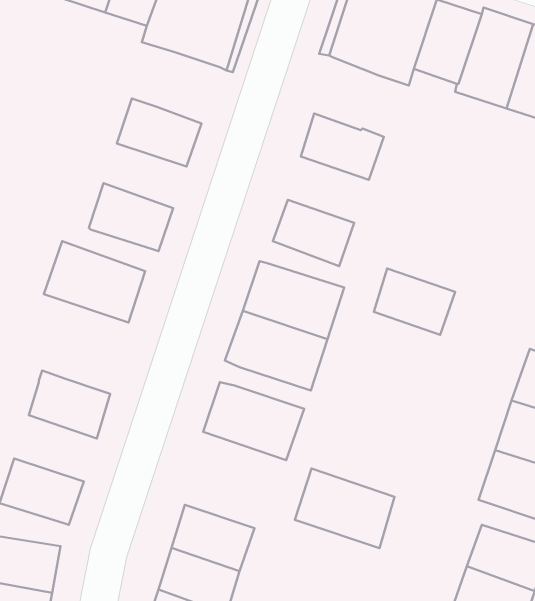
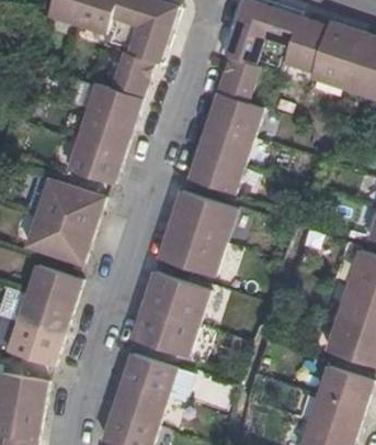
building: none -> [112,54,153,101]
building: none -> [216,57,259,105]
building: none -> [77,114,132,157]
building: [374,269,455,335] -> [198,123,252,167]
building: none -> [27,214,93,265]
building: none -> [18,294,72,338]
building: [295,469,394,548] -> [132,305,197,358]

